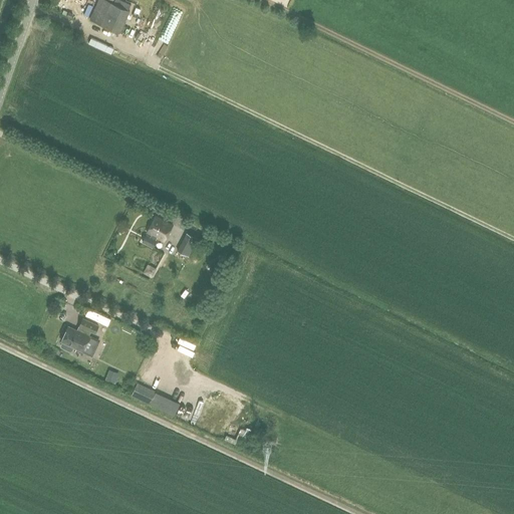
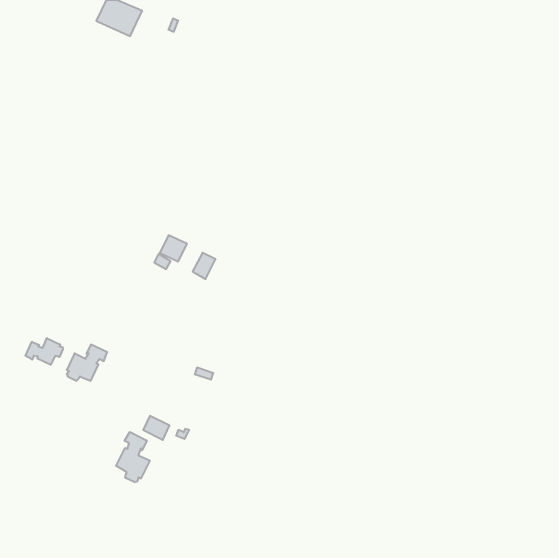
building: none -> [25,338,63,365]
building: none -> [116,432,150,482]

